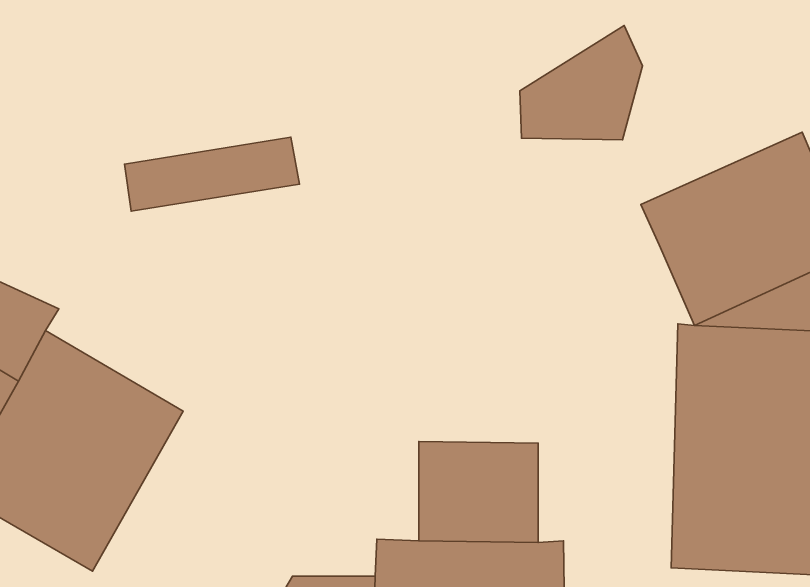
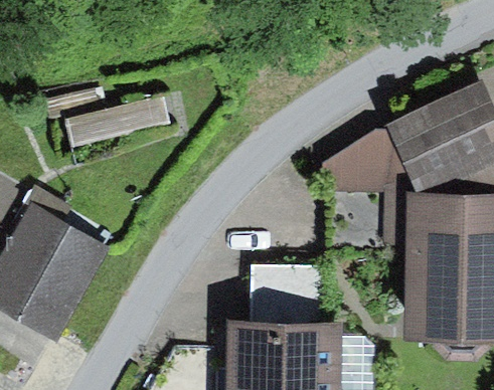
building: [520,25,643,140] -> [324,124,397,192]

